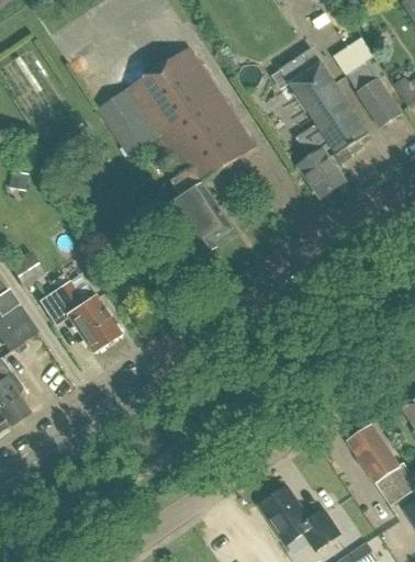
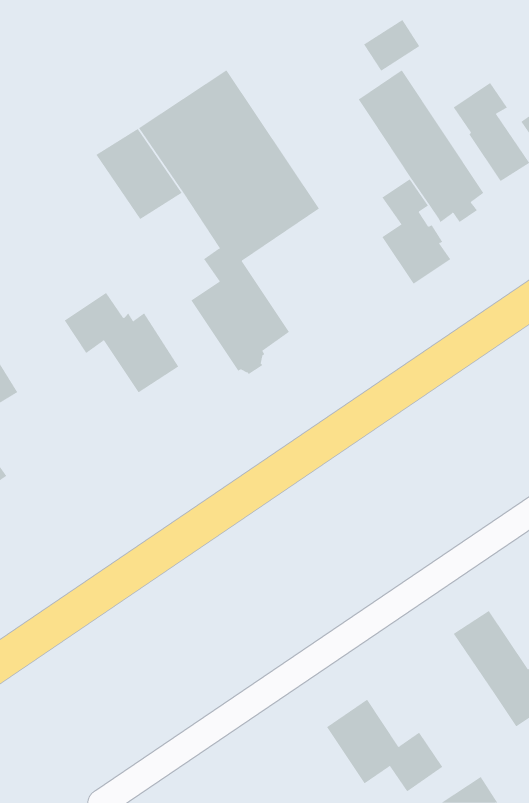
building: [333,36,372,72] -> [363,19,420,71]
building: [38,280,119,350] -> [64,292,179,393]

